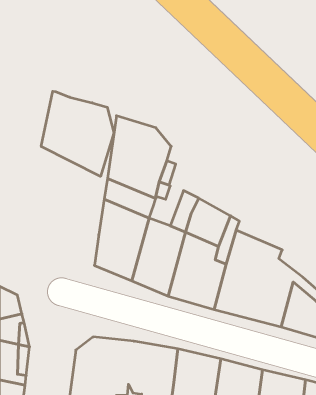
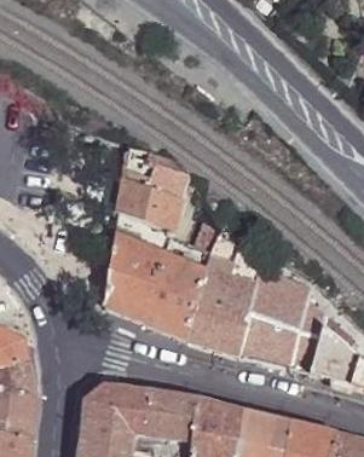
building: [41,91,114,176] -> none

